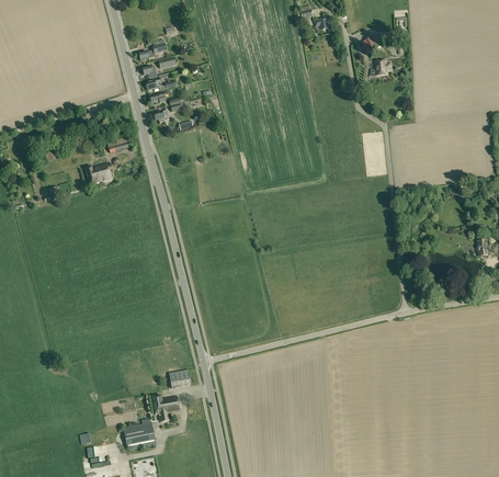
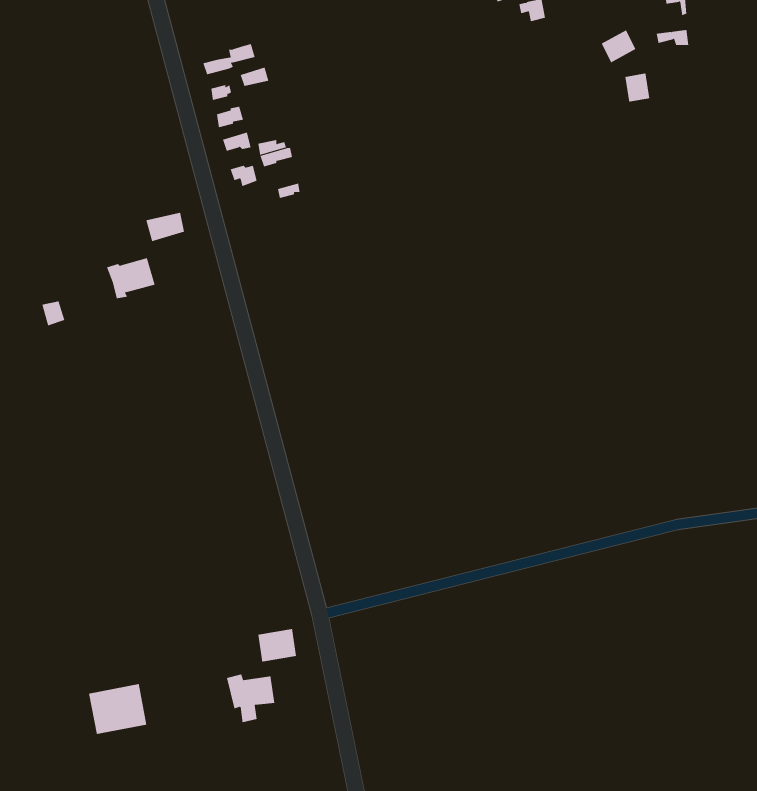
building: [123,422,156,451] -> [88,684,147,735]

